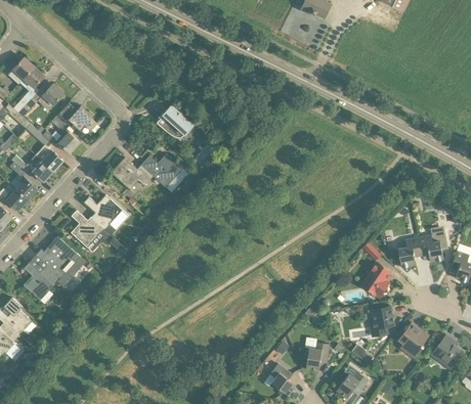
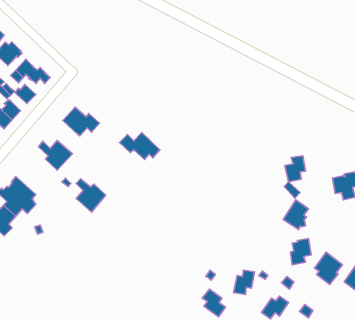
building: [157,105,192,137] -> none
building: [140,152,186,183] -> [119,133,160,160]
building: [71,210,104,248] -> [76,179,106,212]
building: [397,237,421,267] -> [285,156,306,182]

